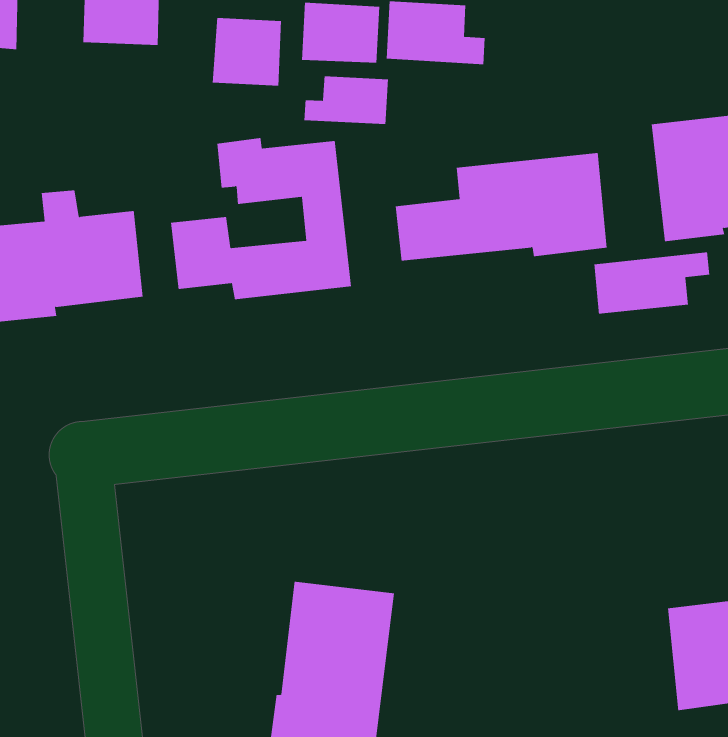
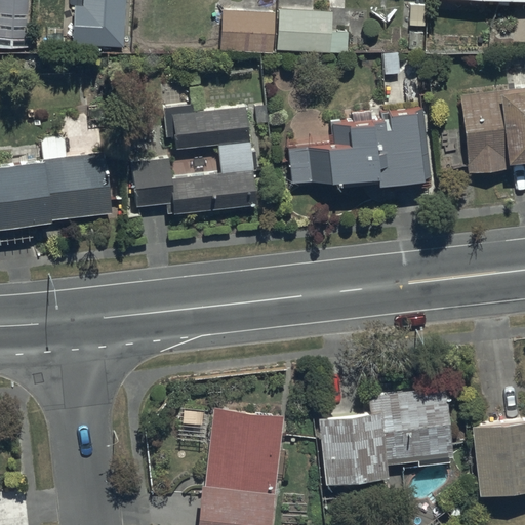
building: [212,17,282,87] -> none
building: [304,76,388,125] -> none
building: [594,252,710,315] -> none
building: none -> [320,389,454,485]

